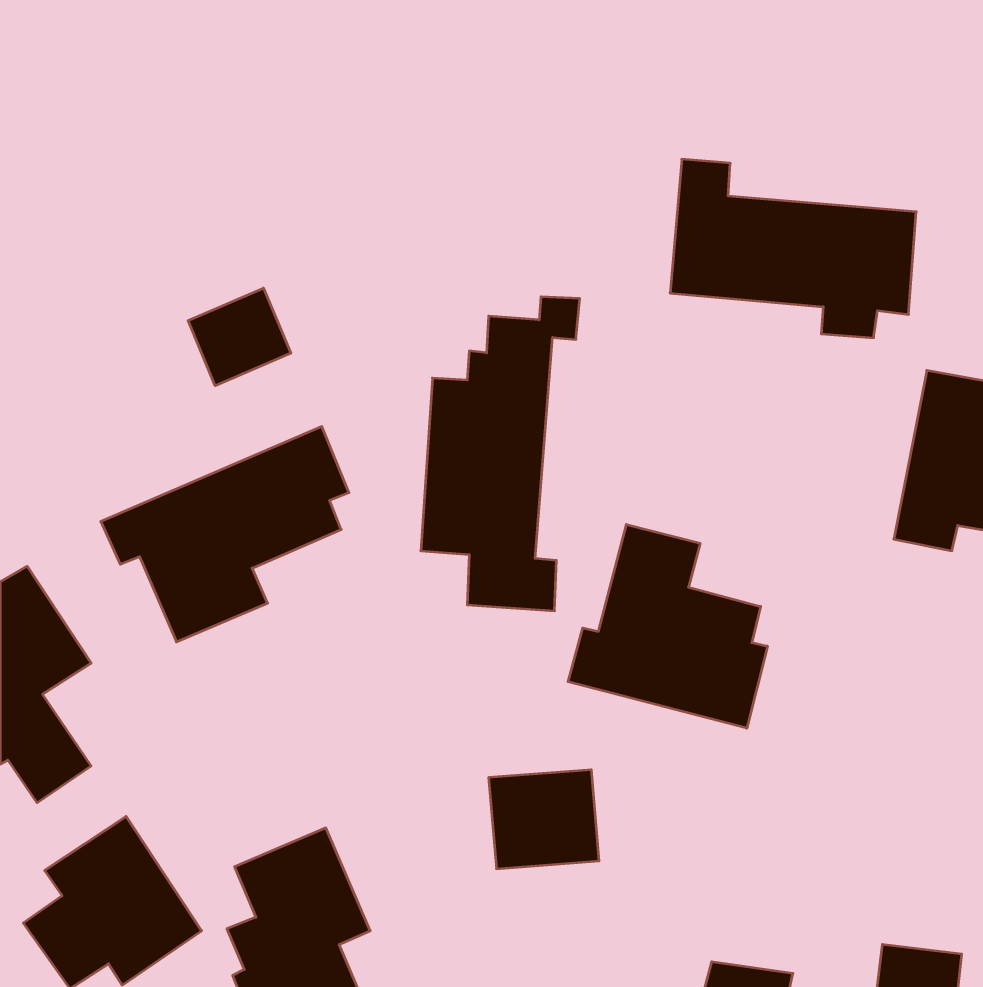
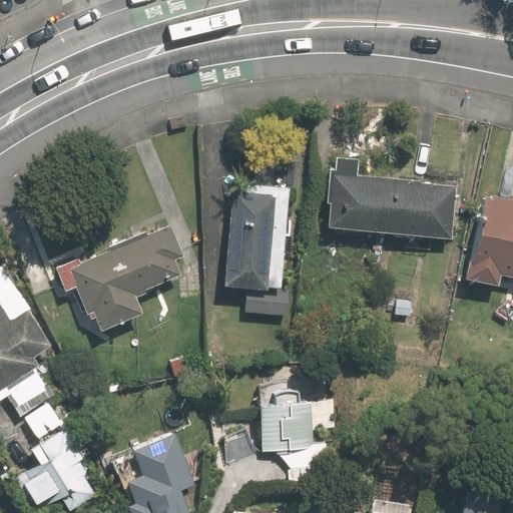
building: [670,159,916,338] -> [328,158,455,250]
building: [188,288,291,386] -> none
building: [568,524,767,728] -> none

